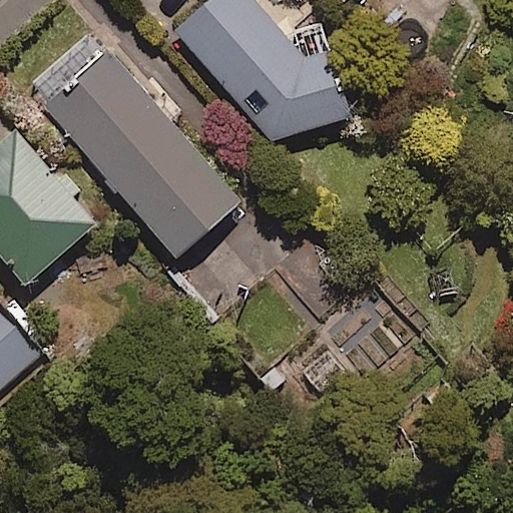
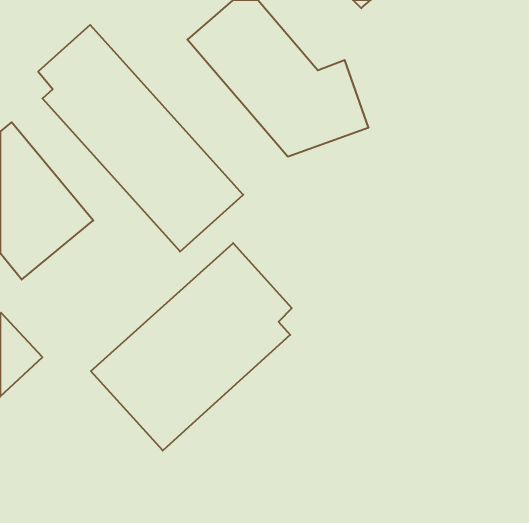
building: none -> [91,243,292,451]

